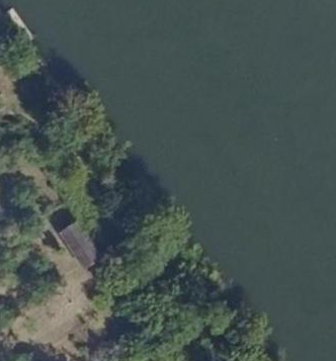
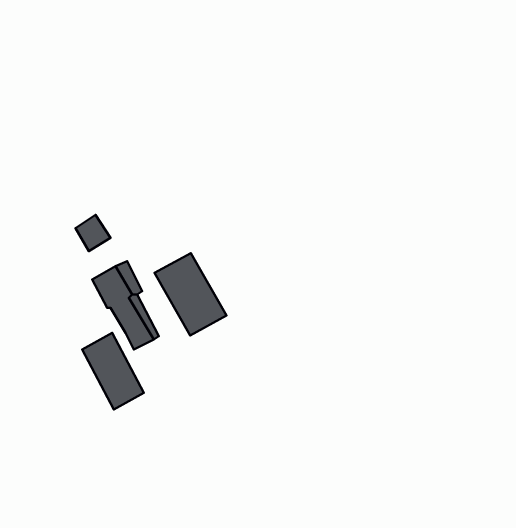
building: none -> [154,253,226,335]

